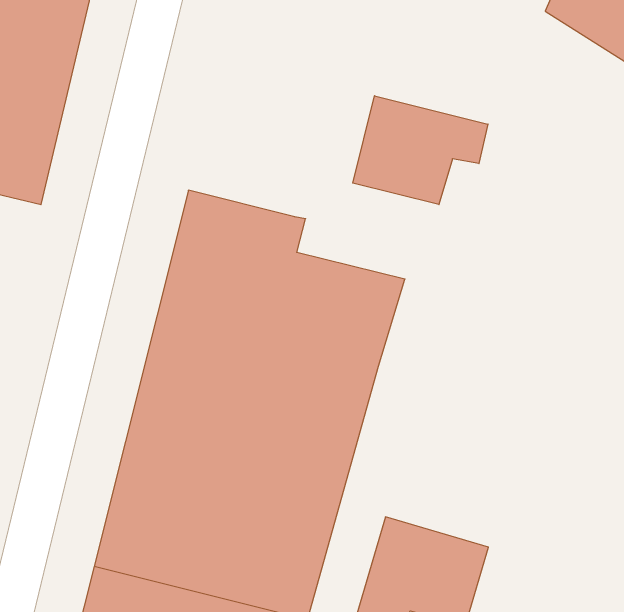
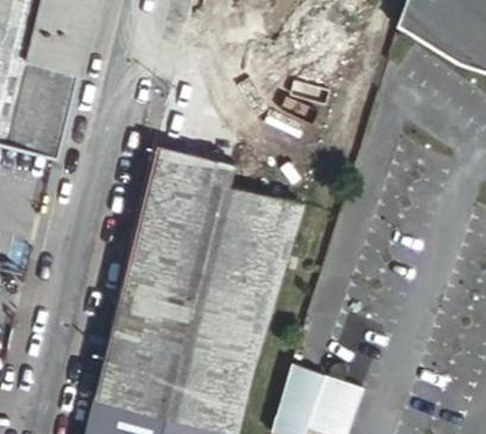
building: [353,96,488,205] -> none

